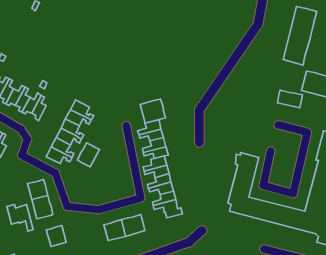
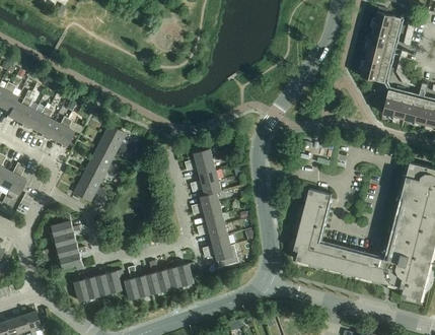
building: [278,90,302,108] -> none
building: [140,99,165,123] -> none
building: [77,143,99,167] -> none
building: [7,205,33,231] -> none
building: none -> [93,270,123,296]
building: none -> [125,275,149,299]

